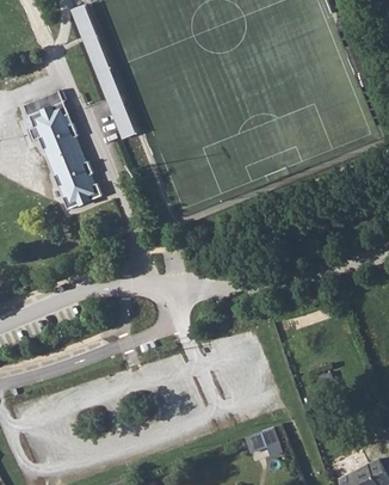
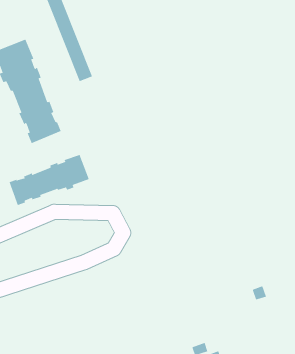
building: none -> [9,154,90,206]

